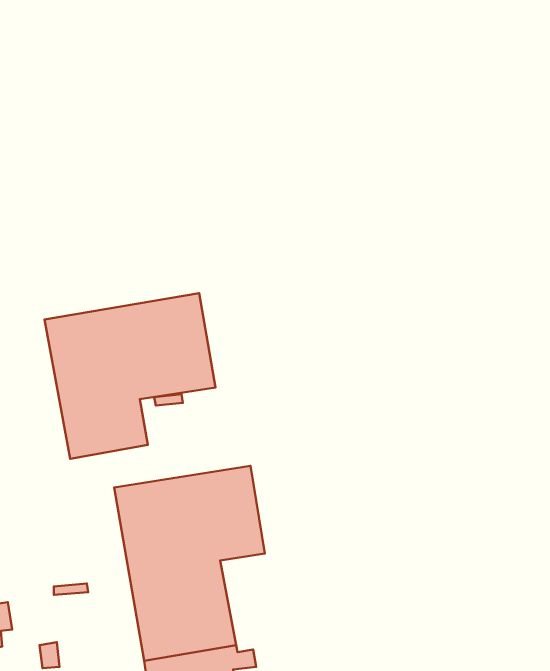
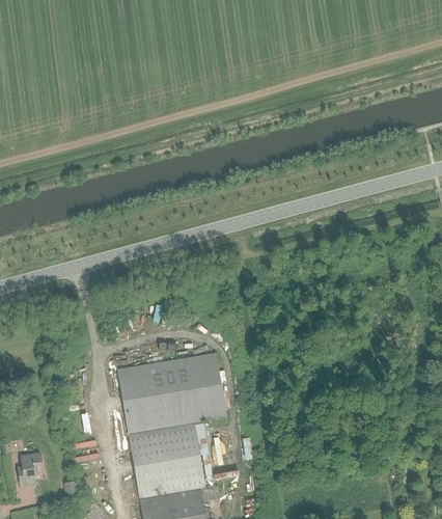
building: [45,293,216,459] -> none

